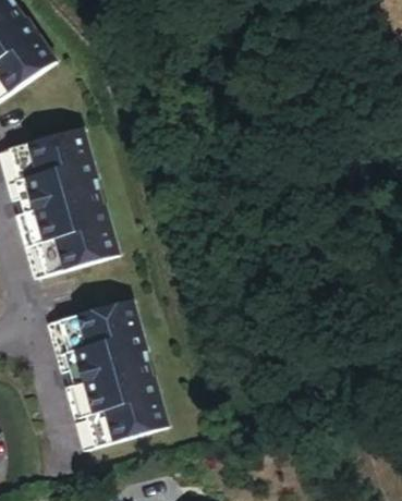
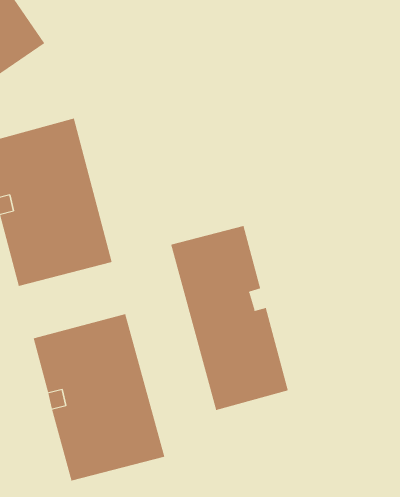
building: none -> [171,225,288,411]

